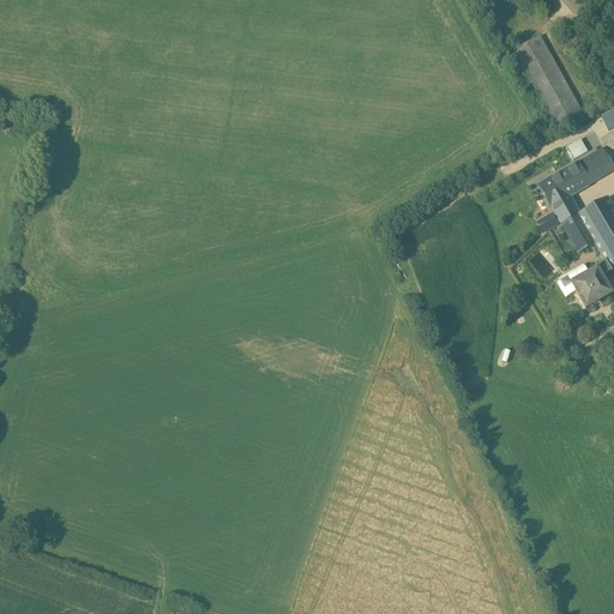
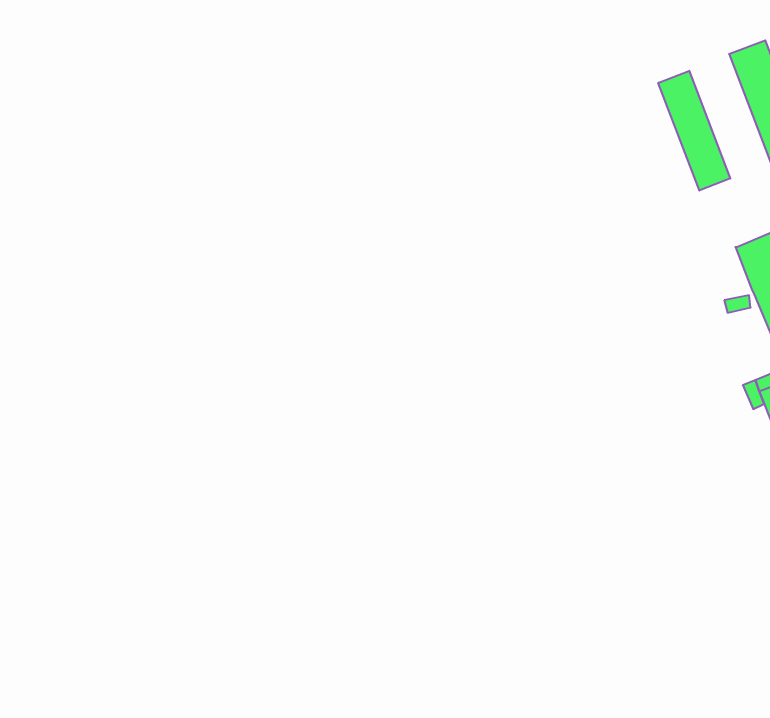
building: none -> [658,71,730,191]

